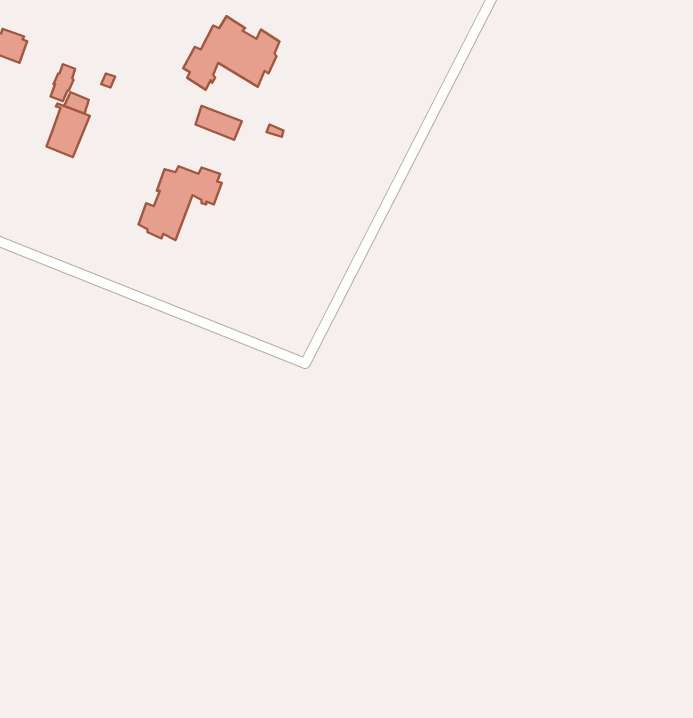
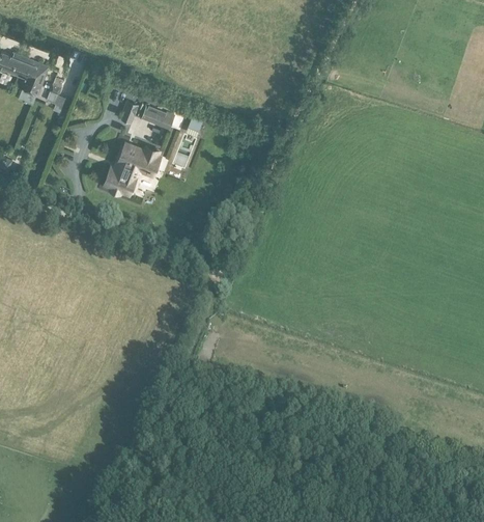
building: [183,16,280,90] -> none
building: [47,103,90,157] -> [21,58,50,94]

